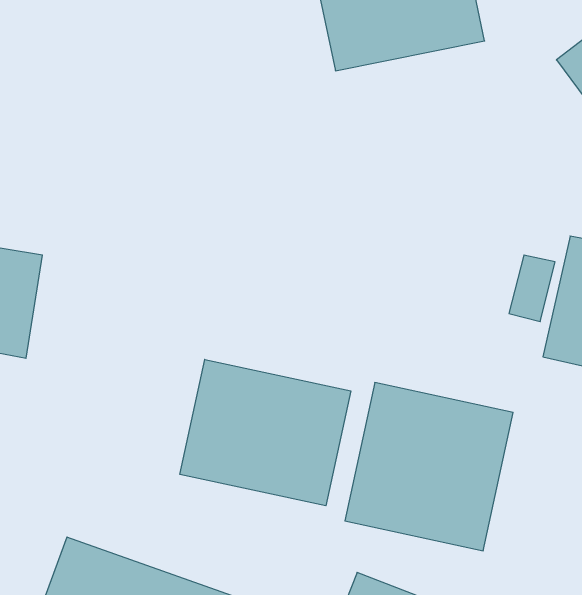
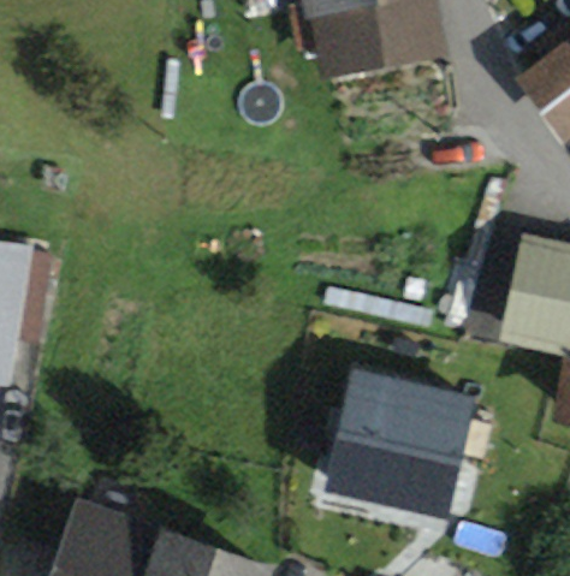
building: [180,359,351,506] -> none

